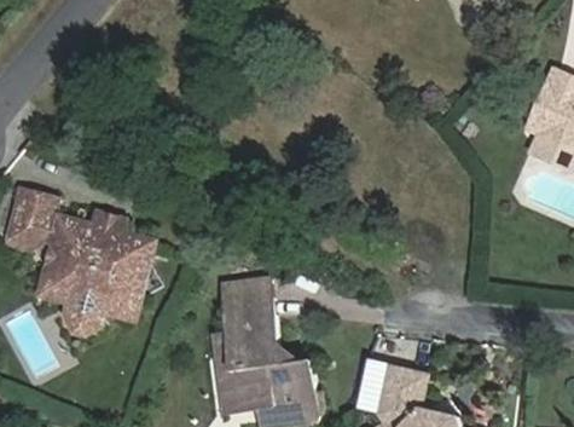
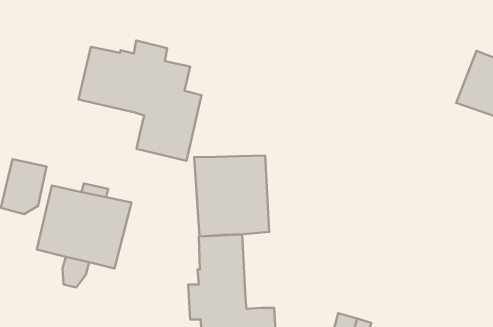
building: none -> [78,41,201,161]
building: none -> [194,155,269,237]

